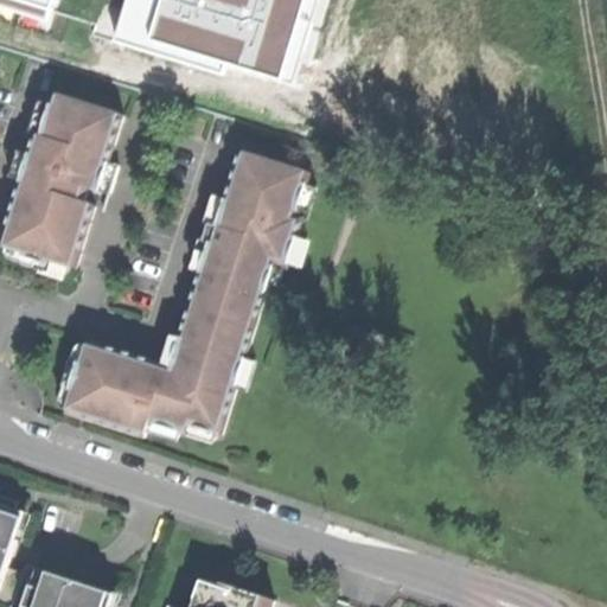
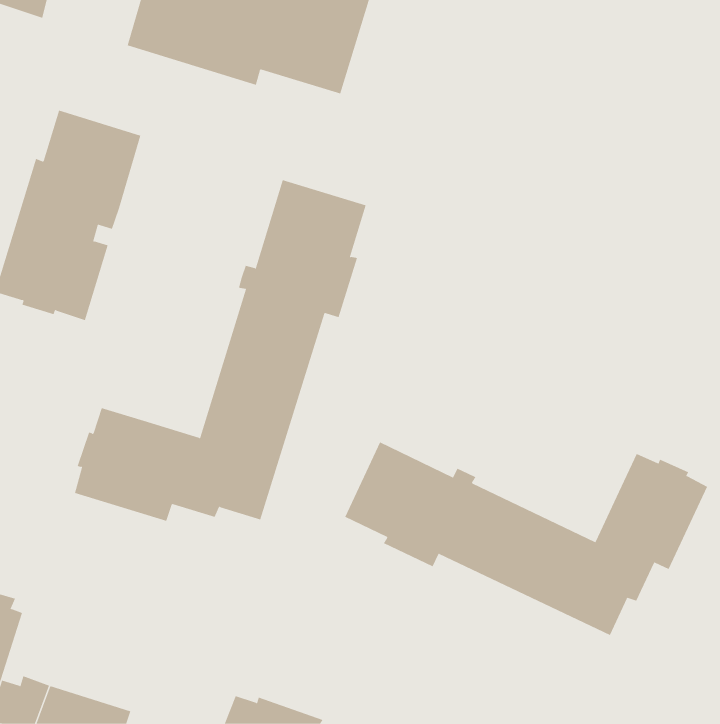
building: none -> [344,442,708,636]

